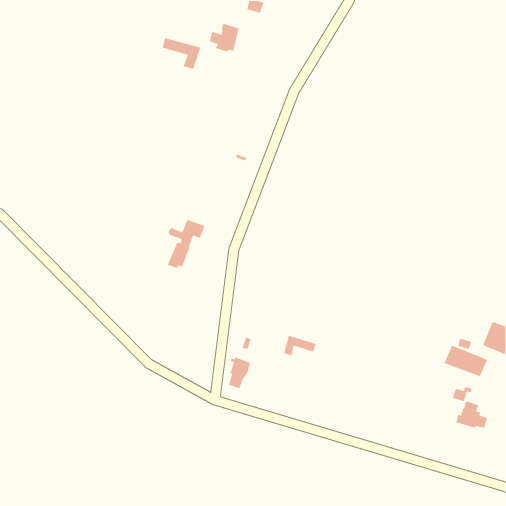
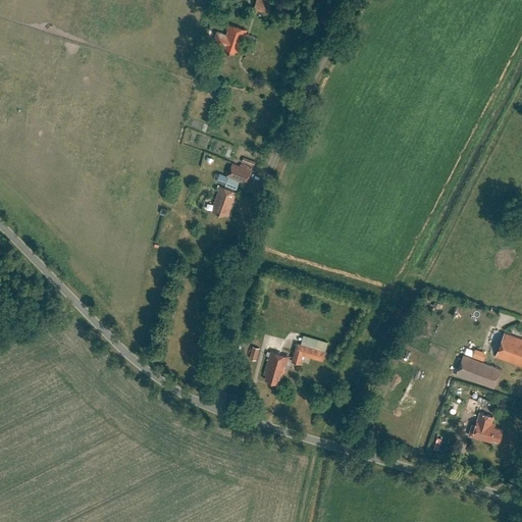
building: [162,37,201,70] -> none
building: [167,219,206,269] -> [212,165,252,217]
building: [228,356,251,389] -> [265,353,289,386]

